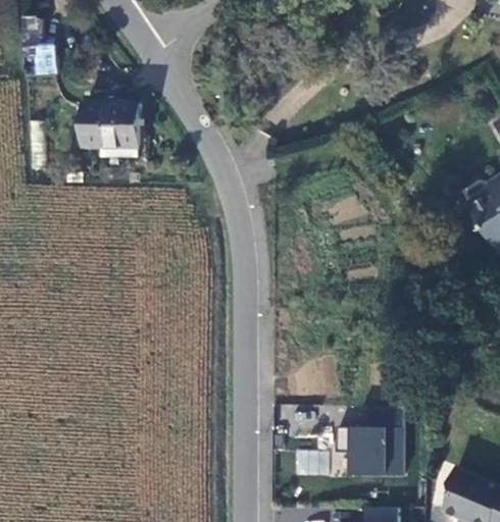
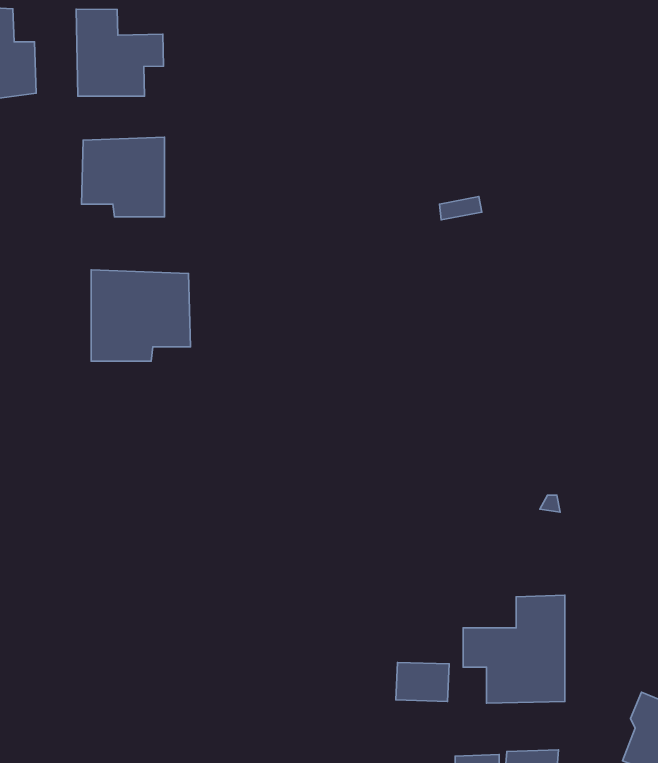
building: none -> [76,9,164,96]
building: none -> [91,270,190,361]

